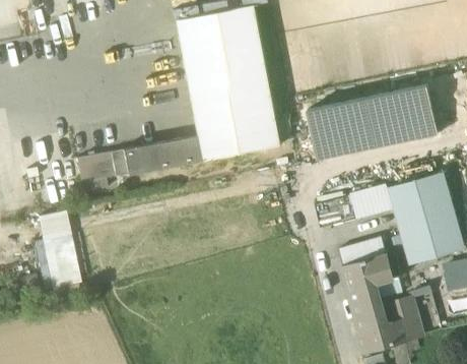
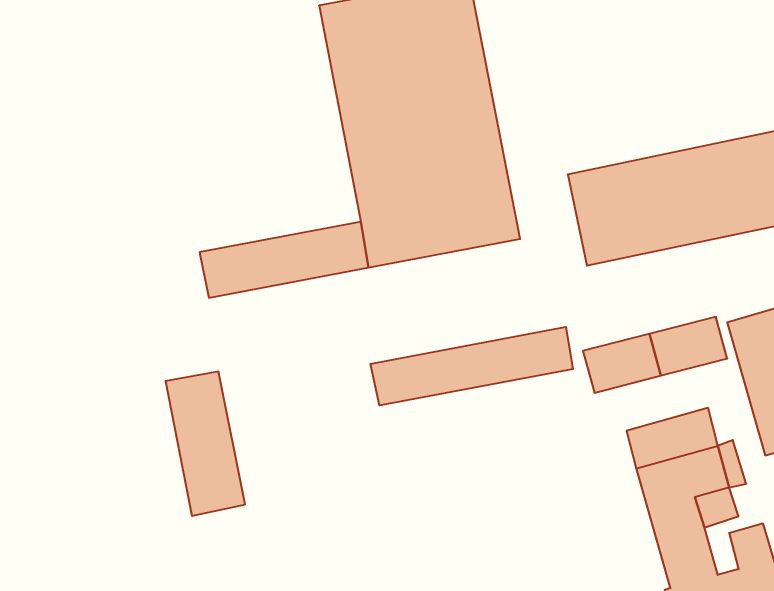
building: [75,151,115,181] -> none
building: none -> [370,327,573,405]
building: [37,210,79,288] -> [165,372,245,516]

